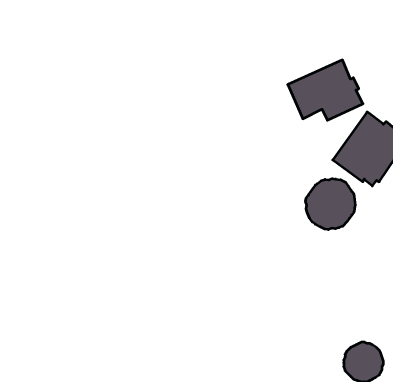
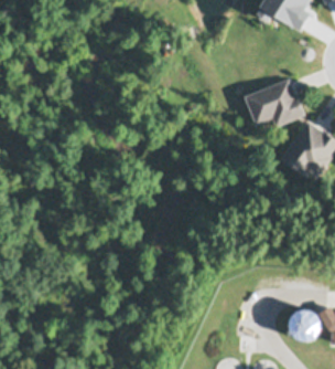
building: [306,179,355,230] -> none

